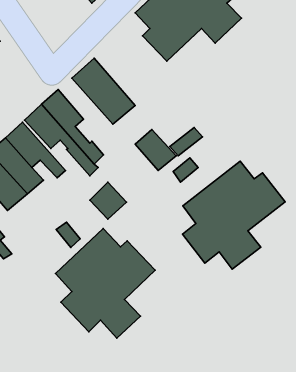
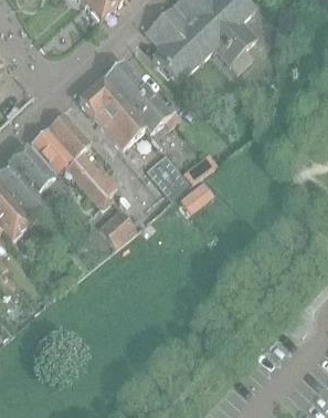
building: none -> [103,59,181,132]
building: [183,161,285,269] -> none
building: [56,229,155,338] -> none

